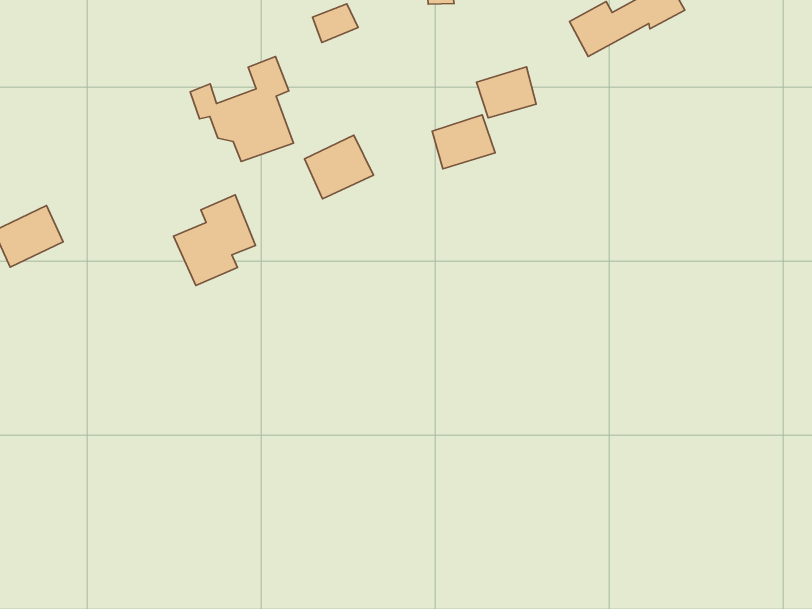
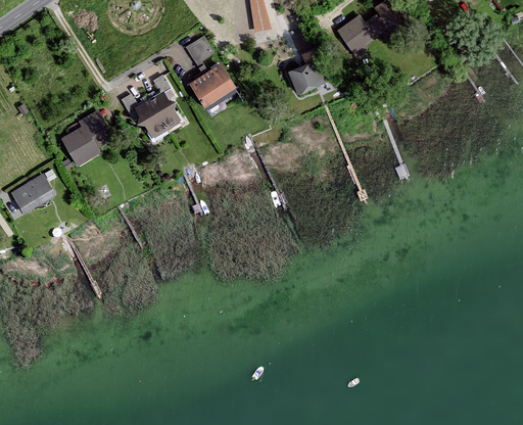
building: [432,115,495,169] -> none
building: [305,135,374,199] -> [191,67,233,107]
building: [174,195,255,285] -> [61,108,110,164]

